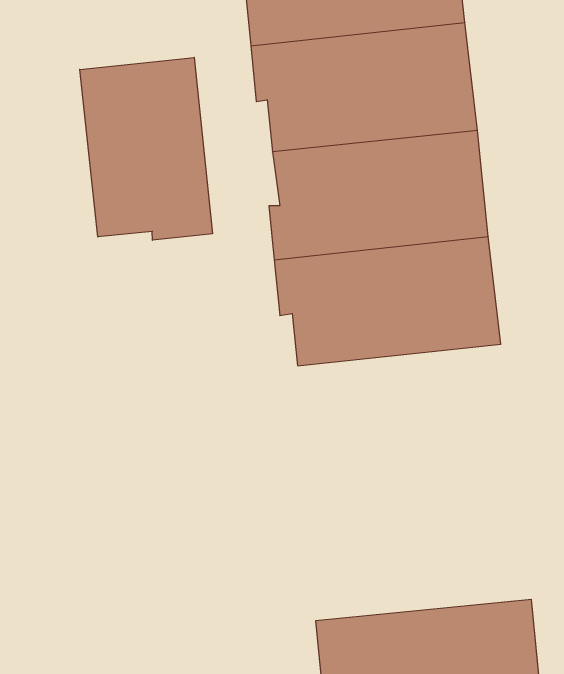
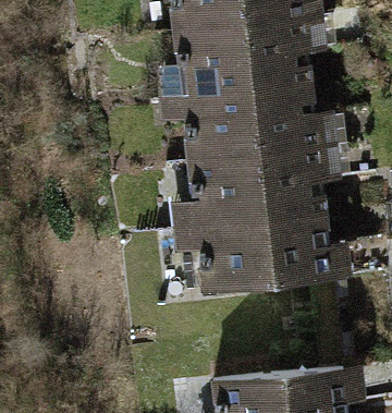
building: [80,57,212,240] -> none
building: none -> [199,210,333,291]

